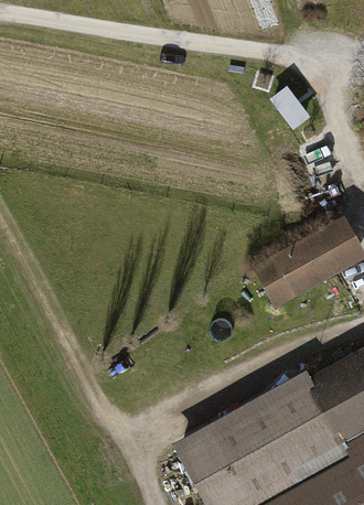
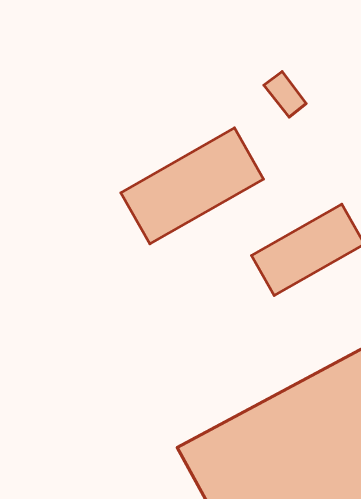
building: none -> [121,128,264,244]

